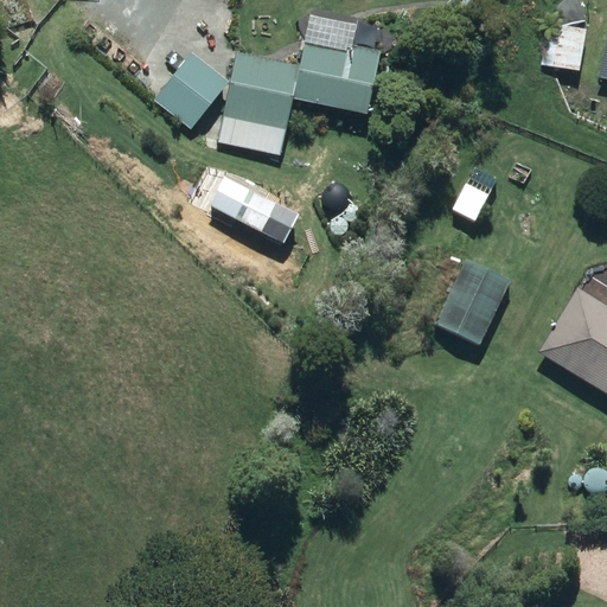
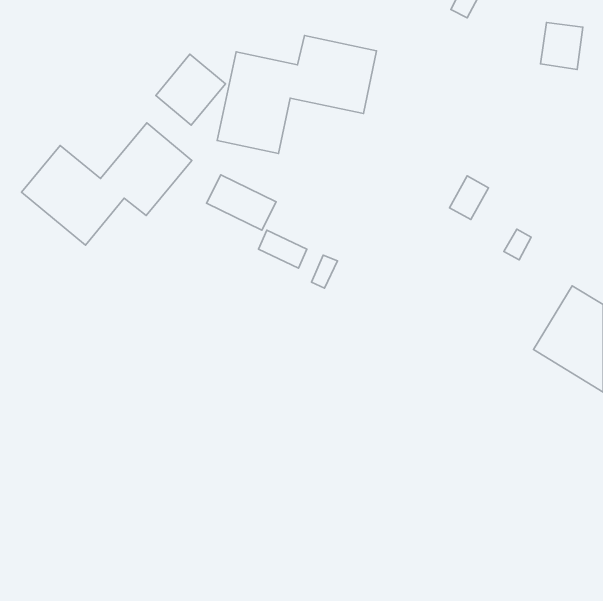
building: none -> [21,123,192,245]
building: [435,258,510,343] -> none

